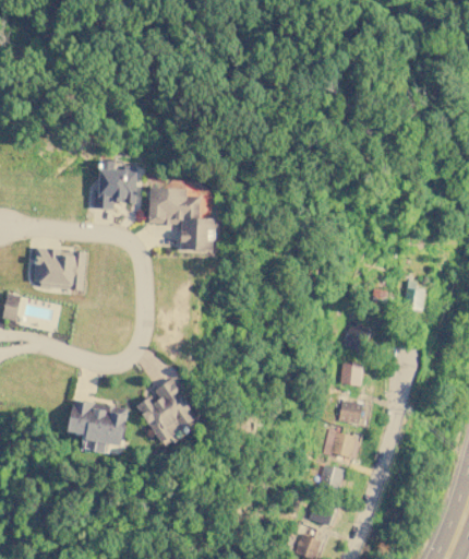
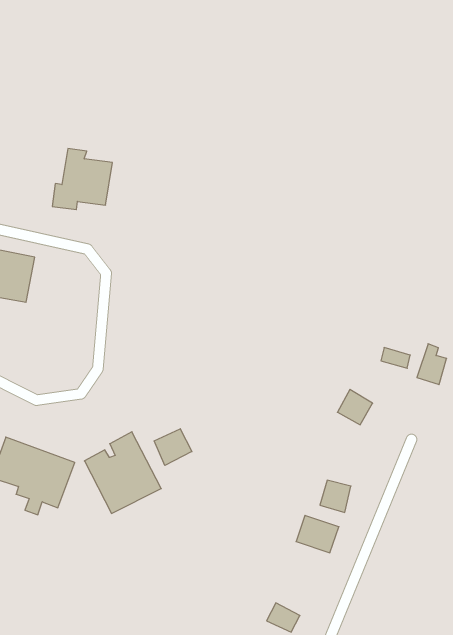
building: [155,183,224,253] -> none
building: [339,362,361,384] -> none
building: none -> [154,429,192,465]
building: [317,465,342,490] -> none

